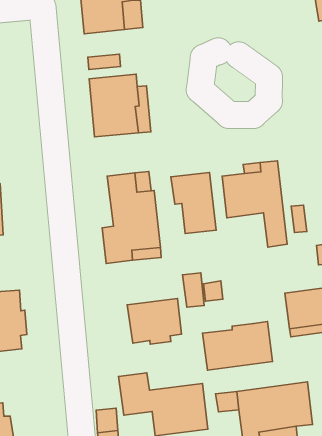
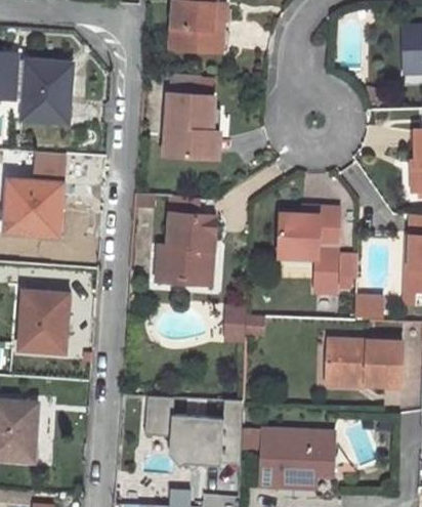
building: [171,172,216,234] -> none
building: [127,298,181,344] -> none
building: [203,322,272,370] -> none

